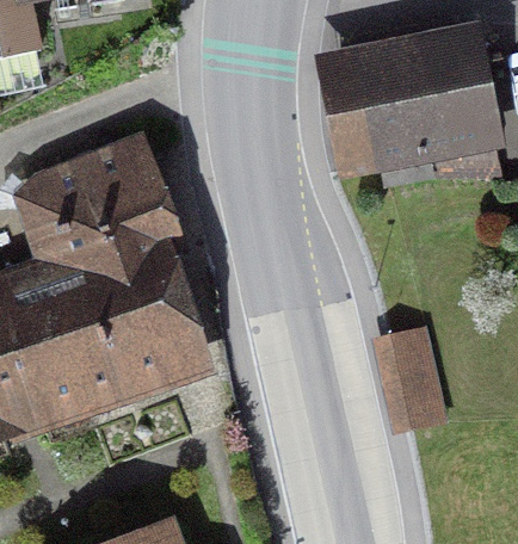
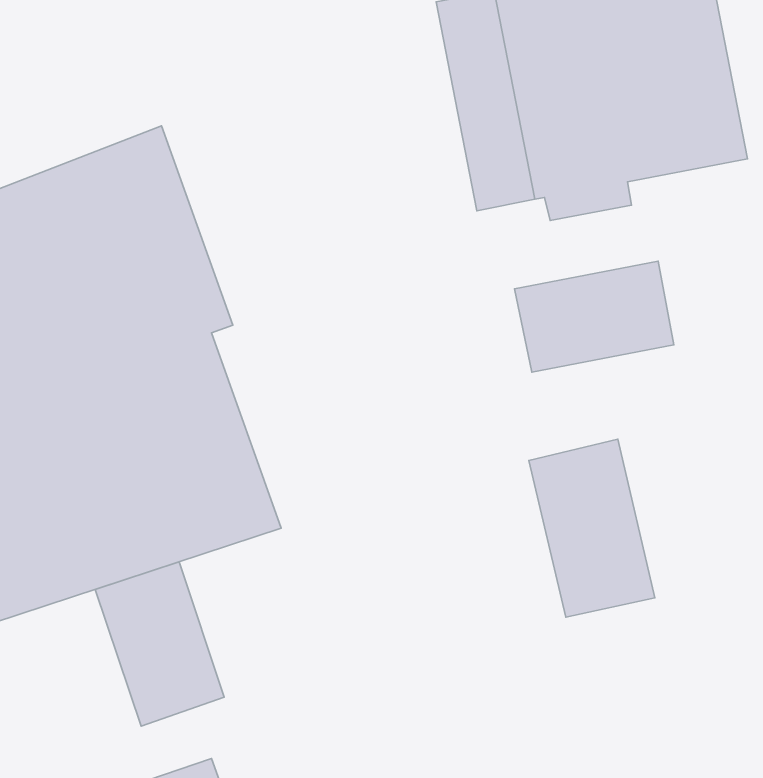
building: none -> [515,261,674,372]
building: none -> [95,562,224,726]

